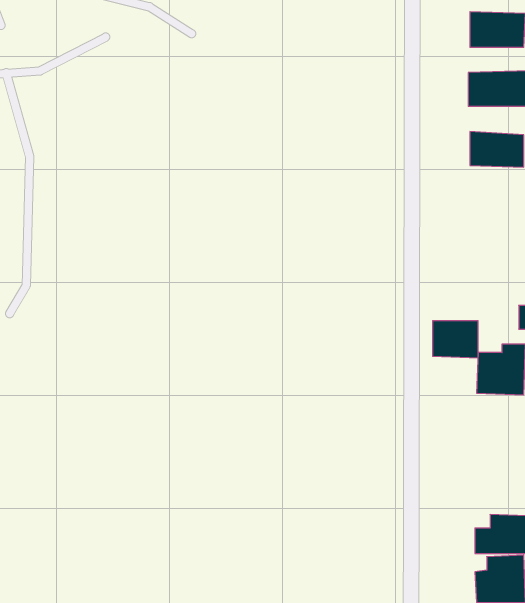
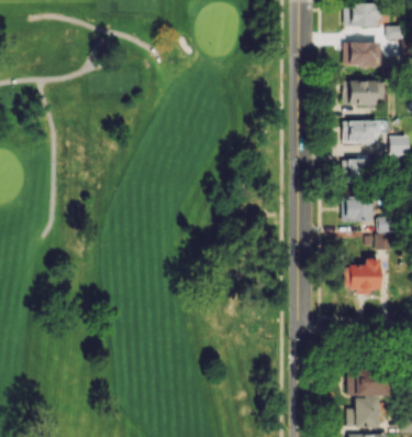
building: none -> [344,160,369,181]
building: [433,321,478,358] -> [343,197,372,221]

